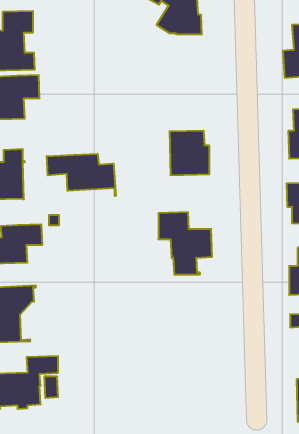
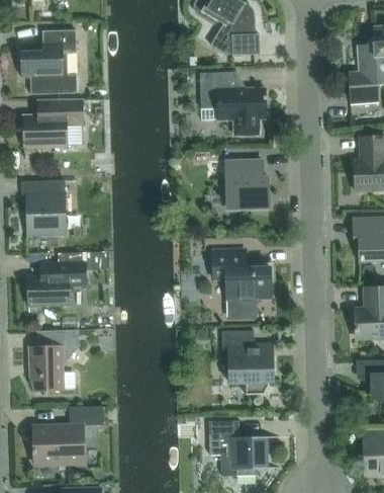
building: none -> [200,72,267,136]
building: [47,154,116,196] -> none
building: none -> [221,330,274,395]
building: none -> [208,420,280,476]

